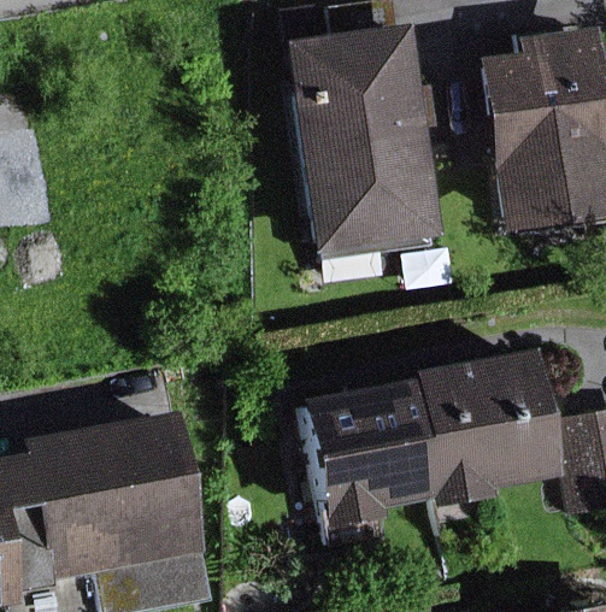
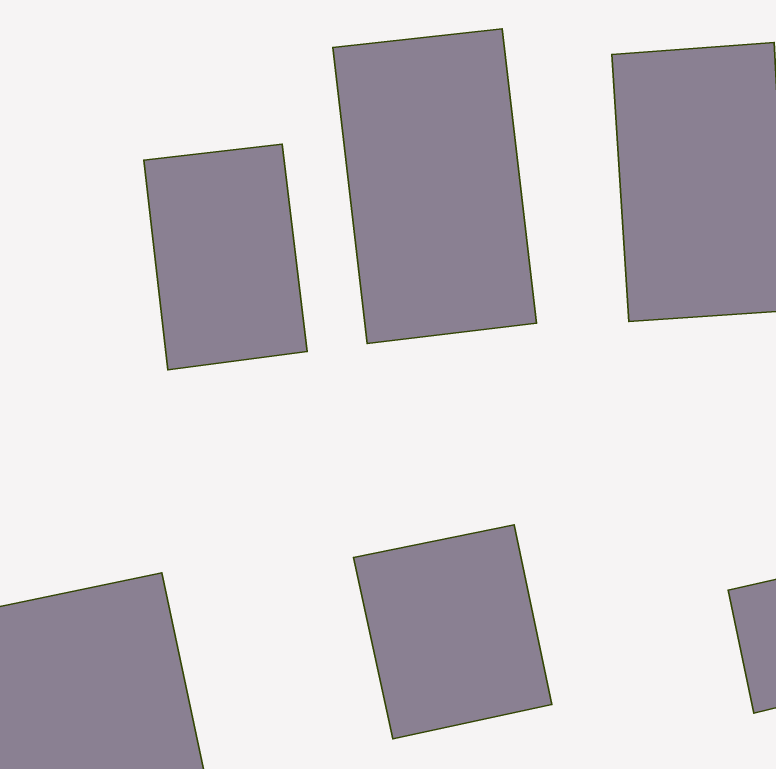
building: none -> [144,144,307,370]
building: [419,353,565,504] -> none

